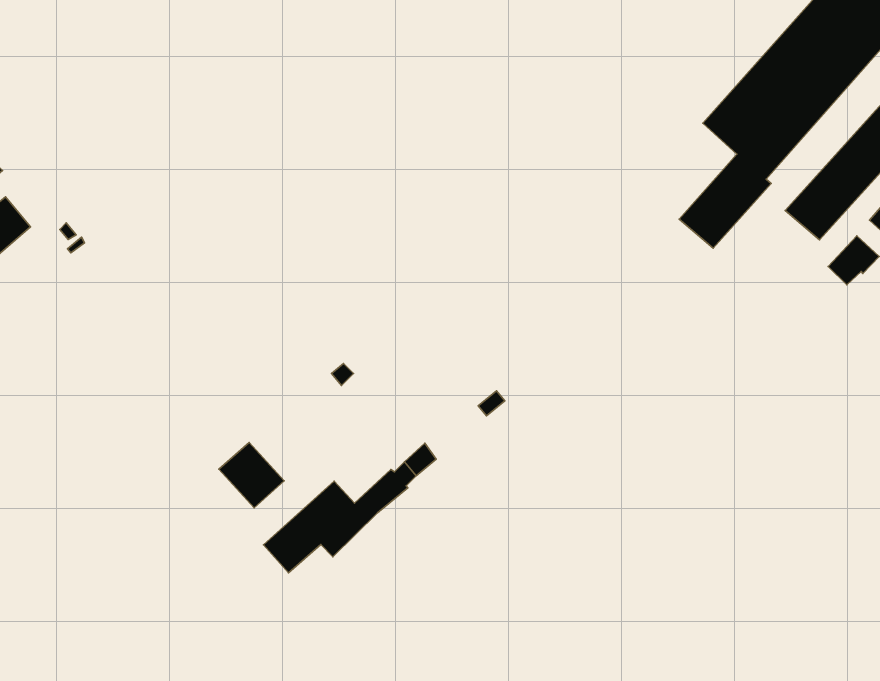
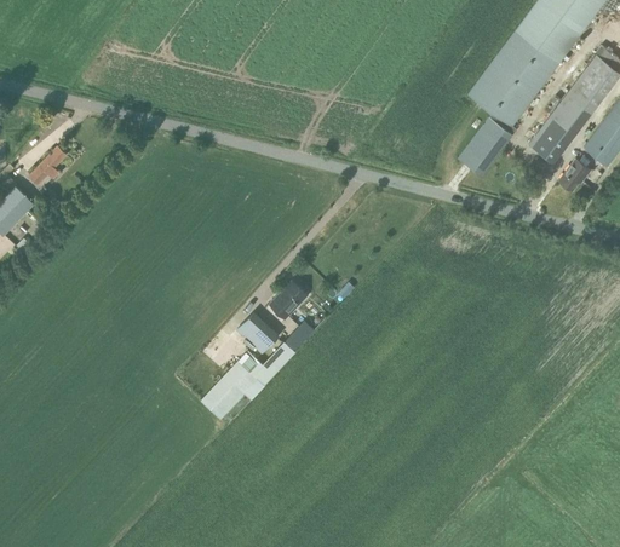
building: none -> [30,146,68,184]
building: none -> [270,280,309,319]
building: [219,442,284,508] -> [237,311,281,353]

